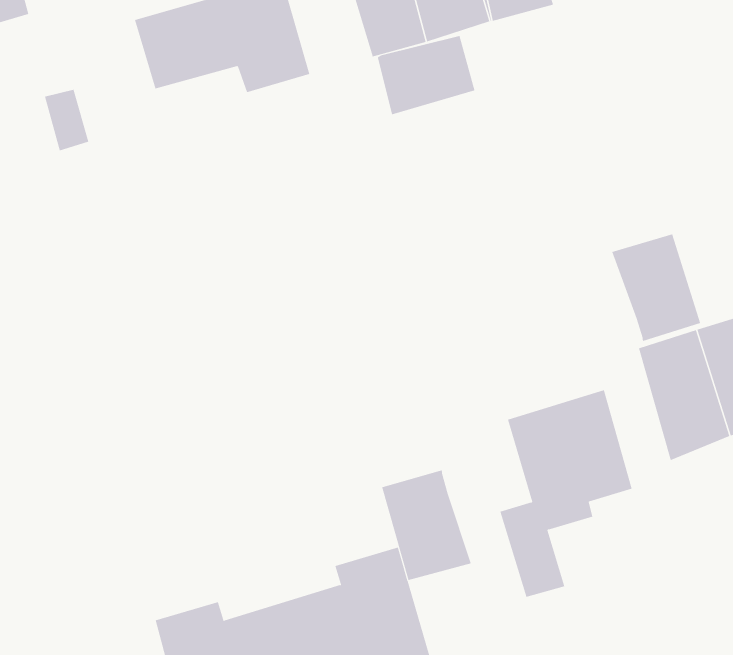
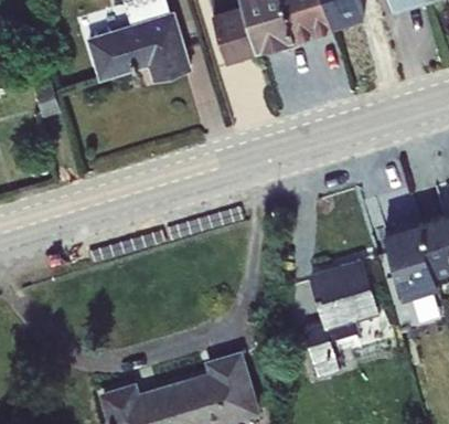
building: [377,35,475,115] -> none
building: [612,233,701,342] -> none
building: [381,470,472,581] -> none

